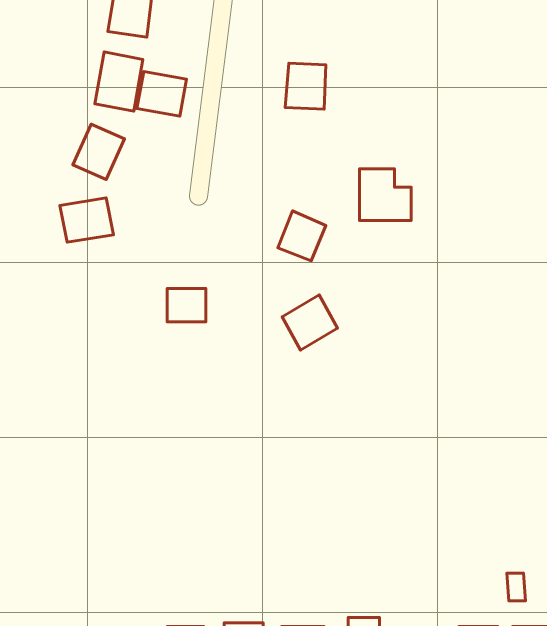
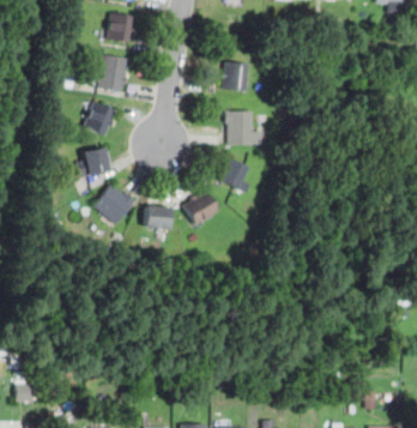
building: [137,71,187,116] -> none
building: [360,169,411,220] -> [226,110,260,144]
building: none -> [93,181,137,224]
building: [282,295,338,350] -> [183,189,219,225]

